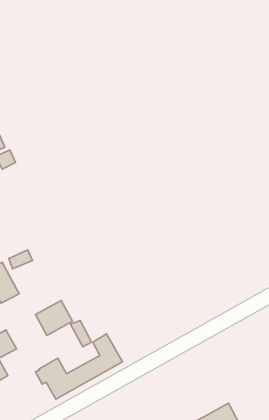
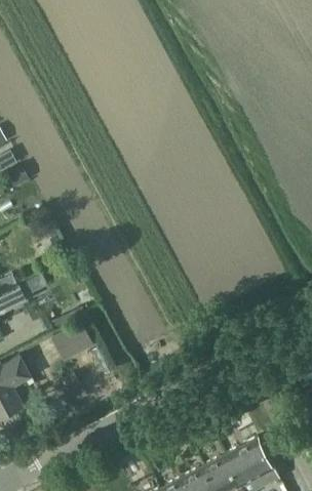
building: [36,334,123,399] -> none

